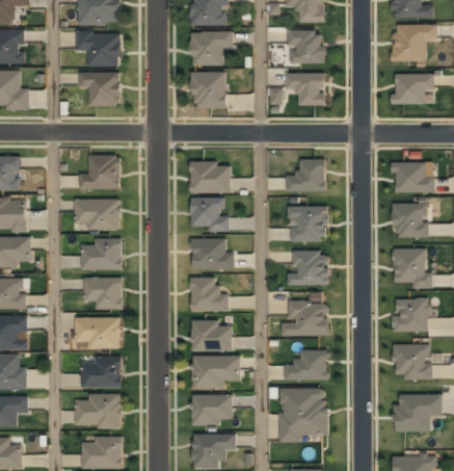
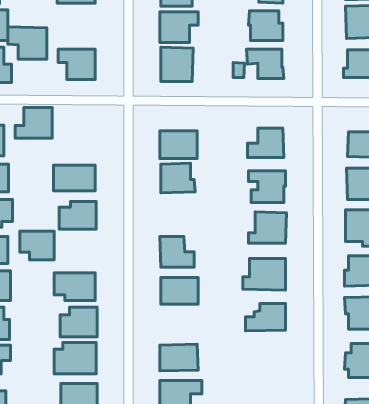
building: [76,31,118,67] -> [8,27,47,59]
building: [79,155,119,188] -> [15,108,52,138]
building: [191,239,234,269] -> none
building: [83,278,121,309] -> [20,231,54,260]
building: [191,357,239,390] -> none
building: [278,388,327,442] -> none

